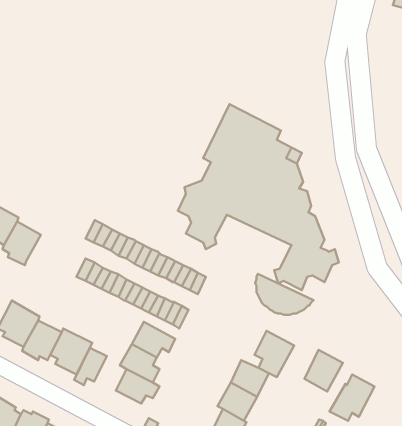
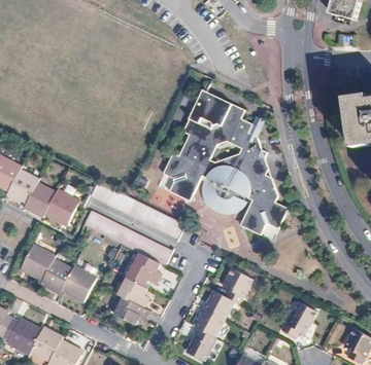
building: none -> [43,189,78,222]
building: [255,274,313,315] -> [200,182,245,214]
building: [74,348,107,385] -> none
building: [305,350,343,391] -> none

